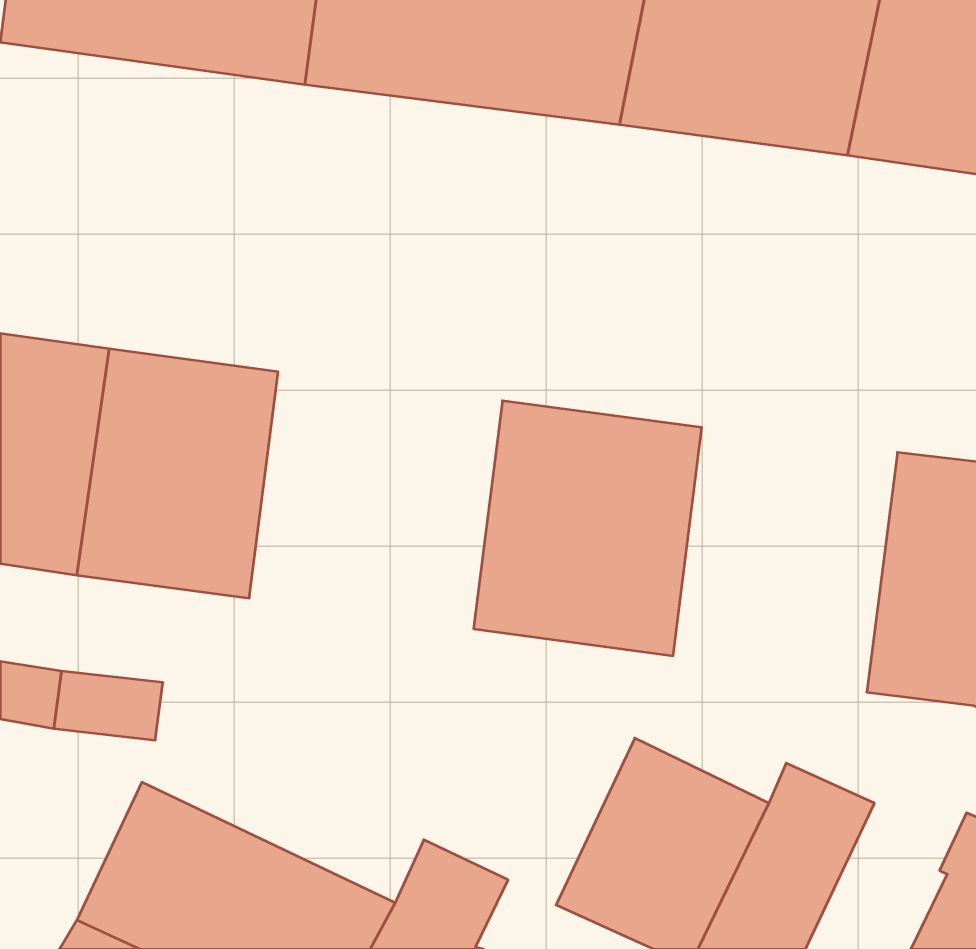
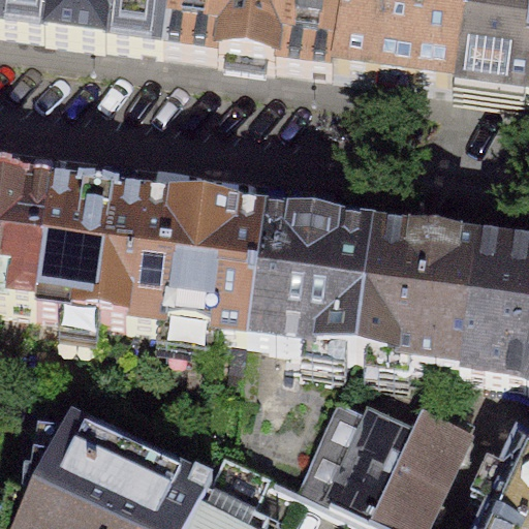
building: none -> [136,200,273,339]
building: none -> [365,230,486,373]

